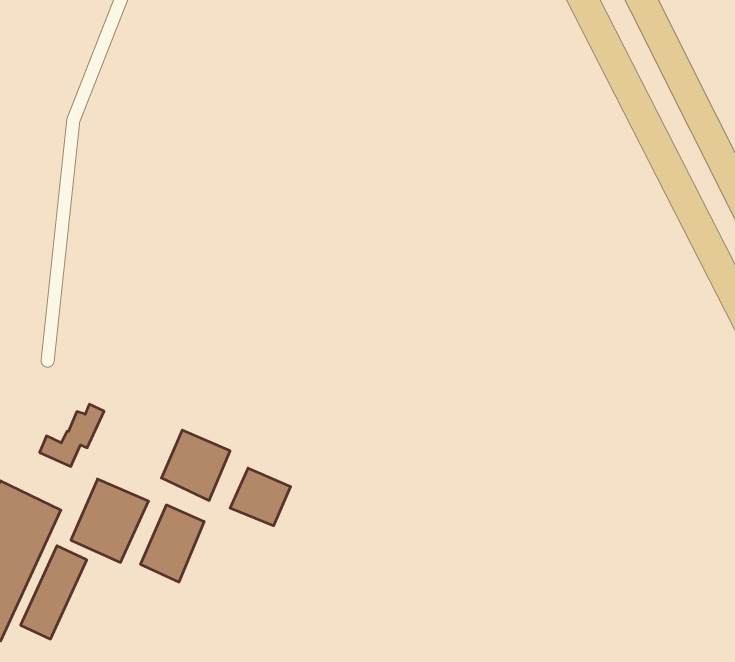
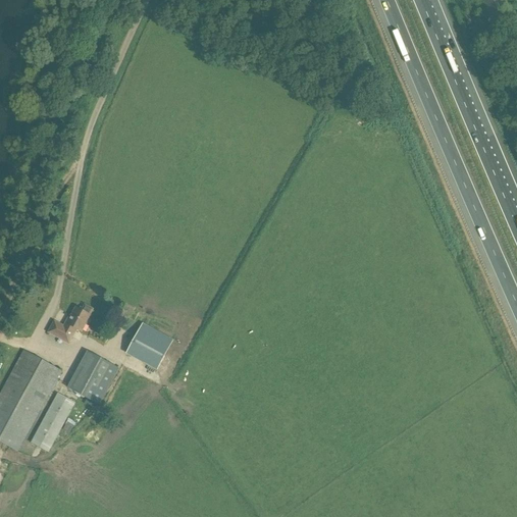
building: [230,468,291,526] -> none
building: [141,505,204,582] -> none

